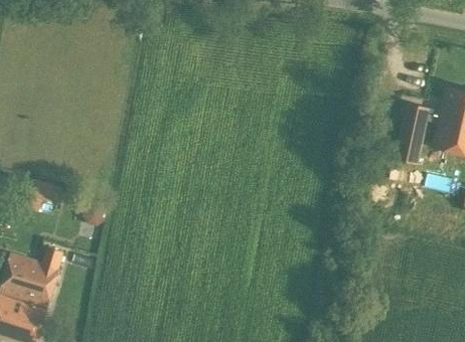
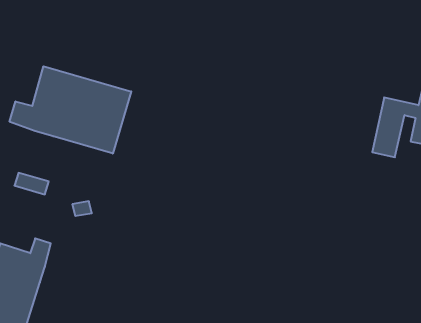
building: none -> [10,66,131,154]

